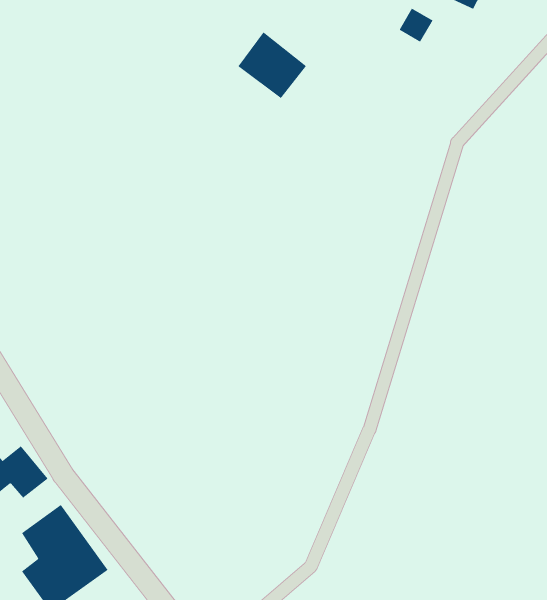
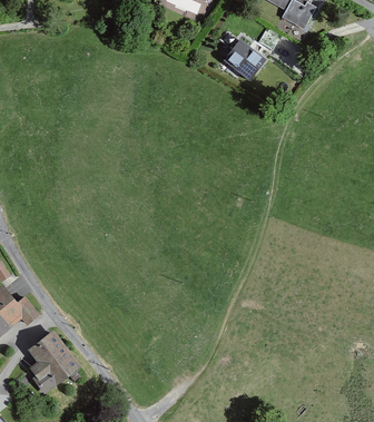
building: [238,31,307,99] -> [224,40,266,81]

